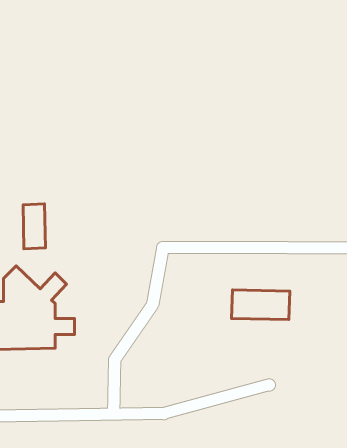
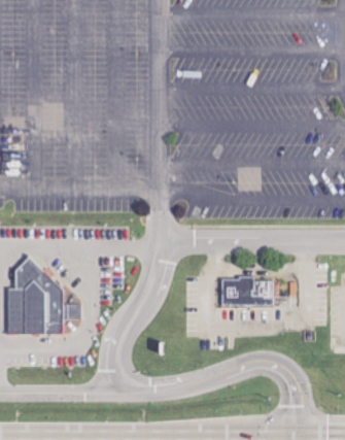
building: [23,204,45,249] -> none

